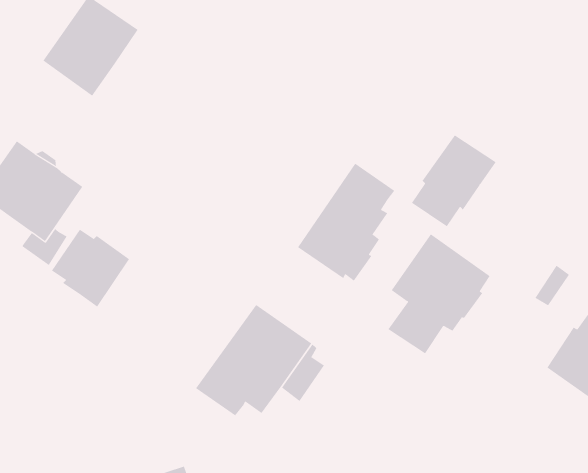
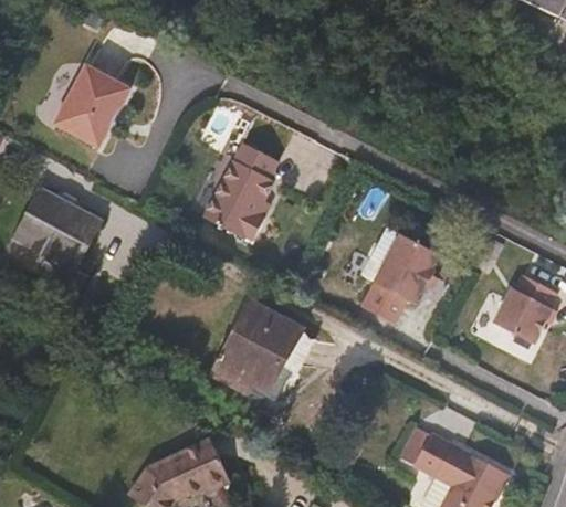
building: [411,134,497,227] -> none
building: [297,163,395,281] -> [203,144,277,240]
building: [51,229,130,308] -> none

